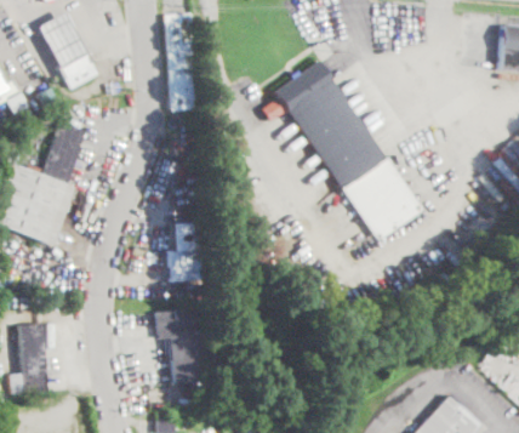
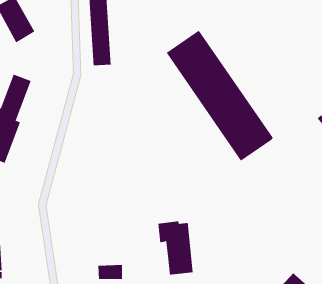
building: [170,223,195,281] -> none
building: [156,309,206,384] -> [158,221,194,275]

